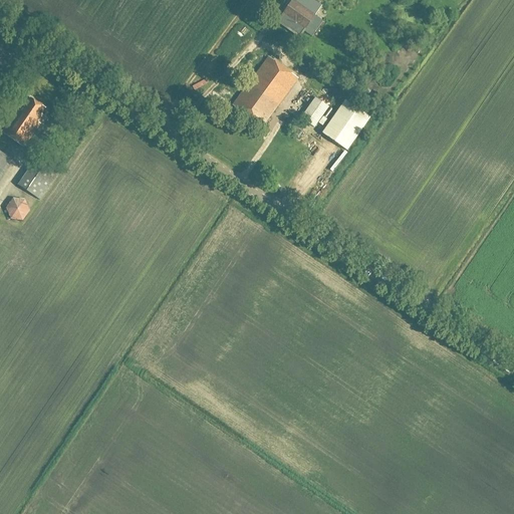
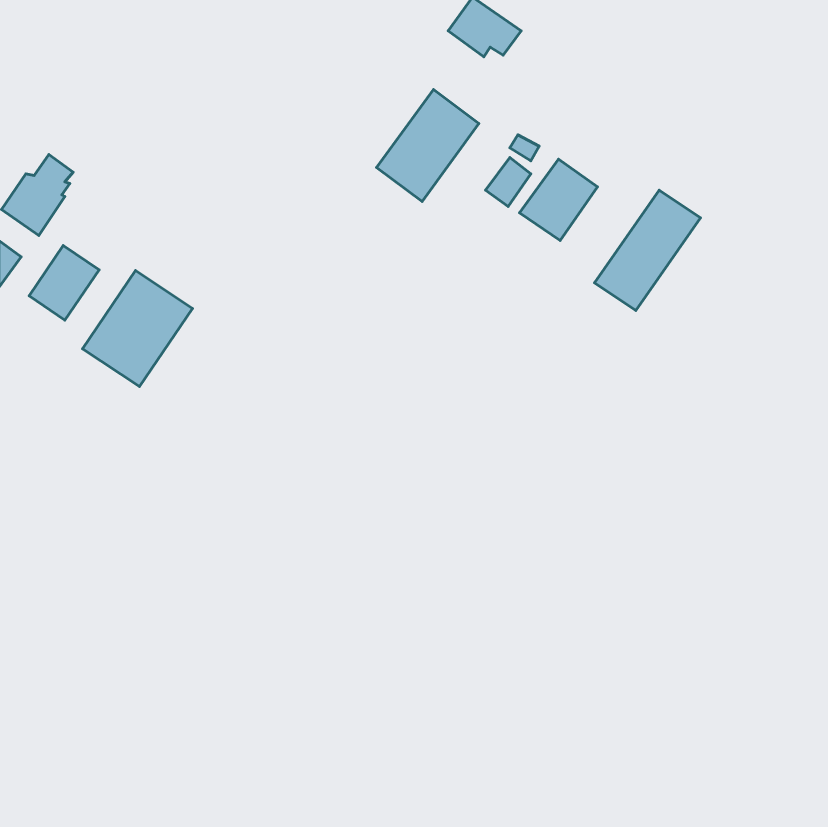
building: none -> [595,190,700,310]
building: none -> [83,271,192,386]
building: [5,197,29,219] -> none

